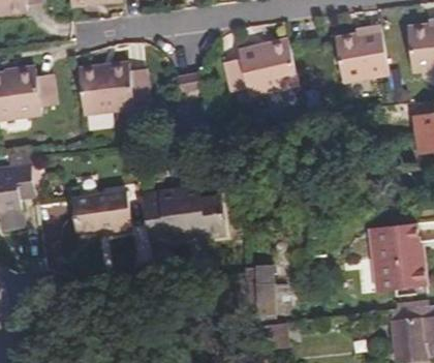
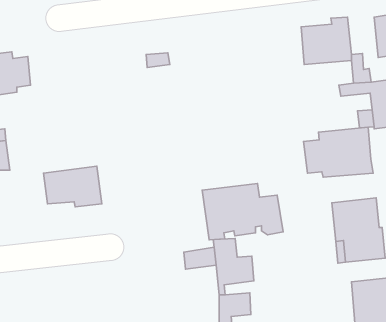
building: [225,40,298,91] -> none
building: [79,64,149,112] -> none
building: none -> [304,127,373,177]
building: [142,187,226,246] -> [202,183,283,240]

